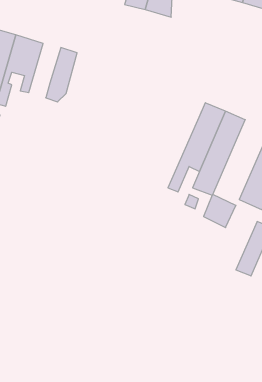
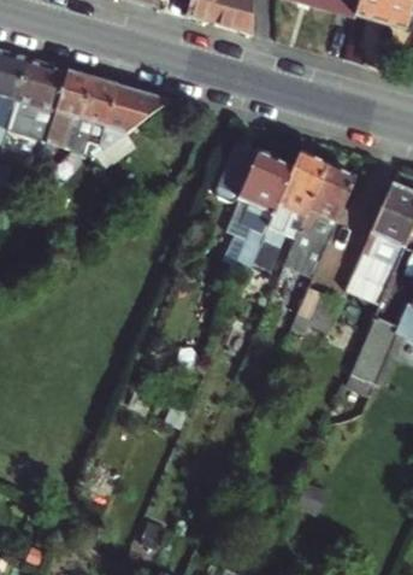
building: none -> [48,70,94,145]
building: none -> [89,83,171,158]
building: none -> [214,143,293,280]

